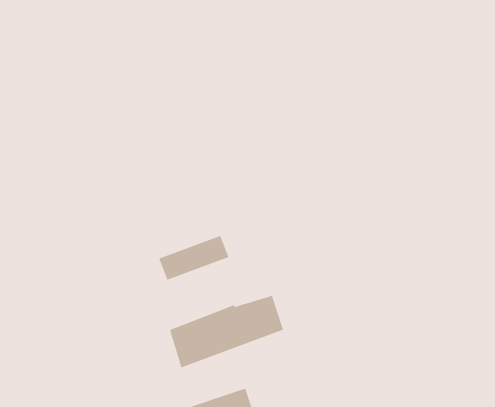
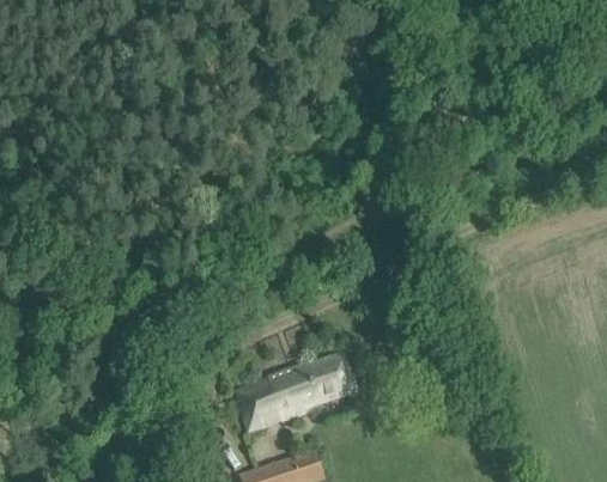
building: [159,235,229,281] -> none

